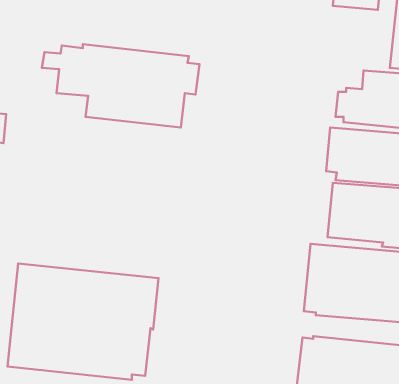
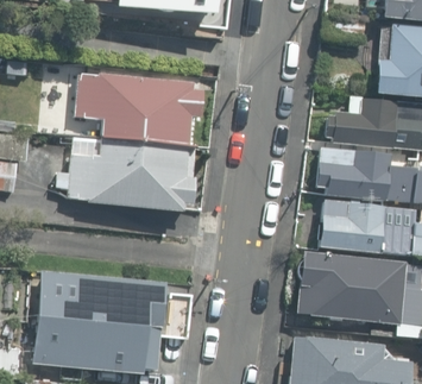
building: none -> [56,137,195,213]

